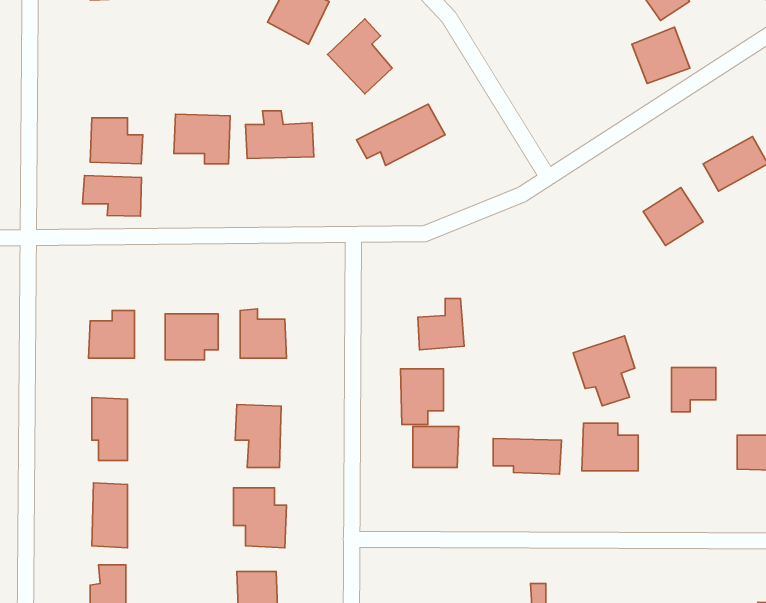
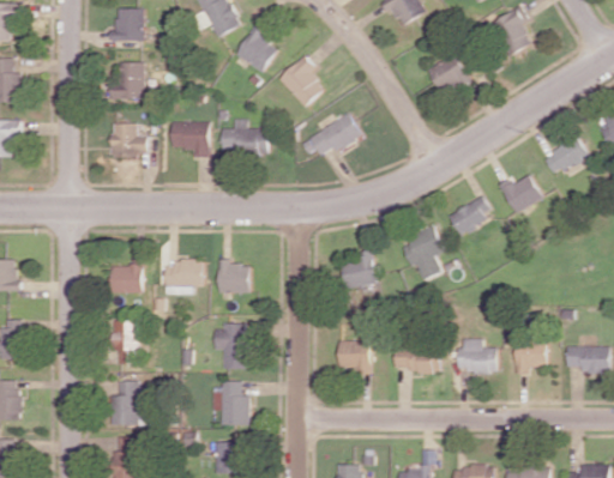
building: [632,27,690,83] -> [428,54,469,93]
building: none -> [115,61,146,99]
building: [83,176,142,216] -> none
building: none -> [447,198,490,235]
building: [573,336,635,406] -> [399,229,443,278]
building: [672,368,716,412] -> [514,343,546,374]
building: [400,369,444,425] -> none

